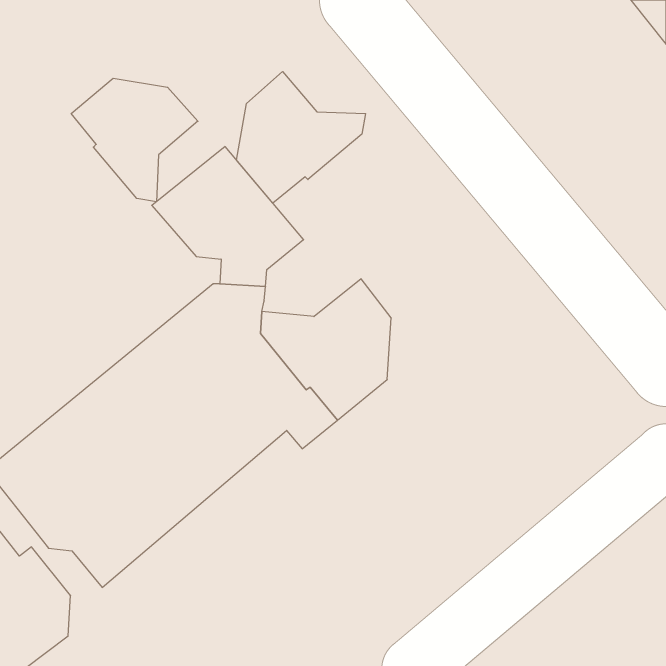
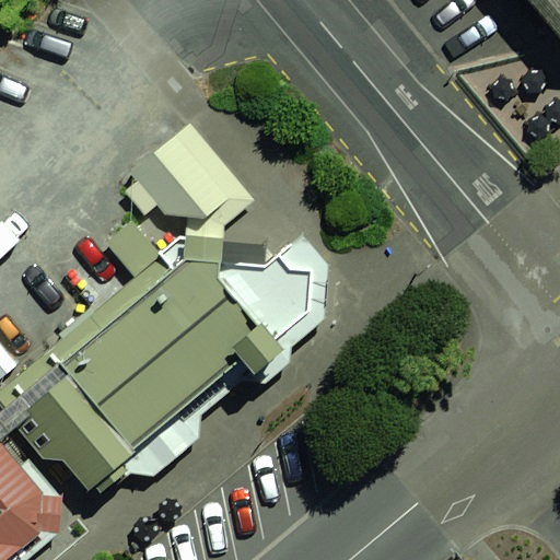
building: [237,72,366,203] -> none
building: [71,78,198,202] -> none

